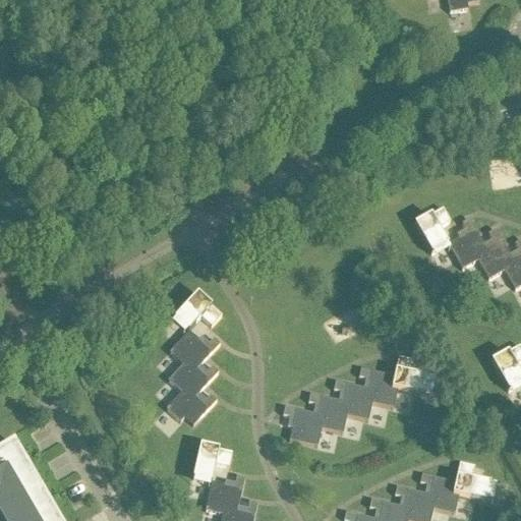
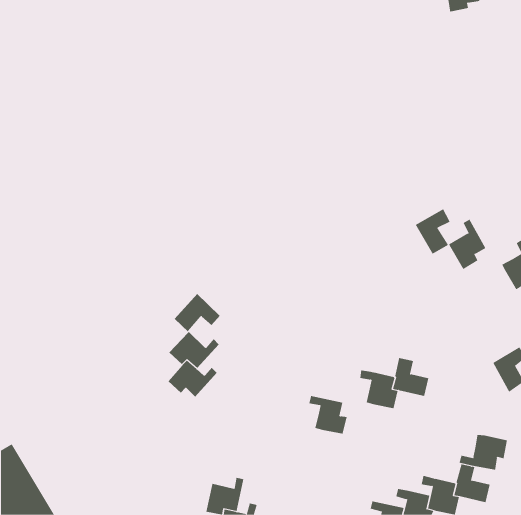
building: [474,228,512,279] -> none
building: [334,381,372,420] -> none
building: [166,387,217,425] -> none
building: [283,406,322,446] -> none
building: none -> [459,434,507,471]
building: [192,445,231,482] -> none

